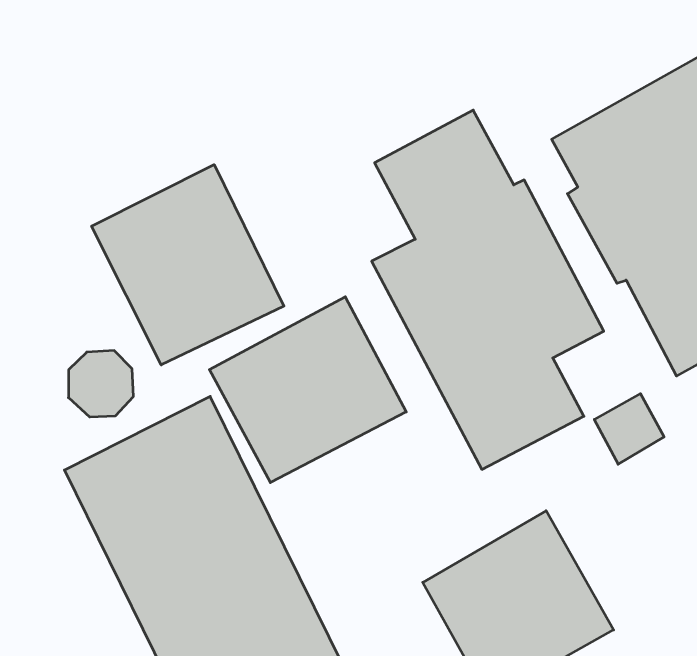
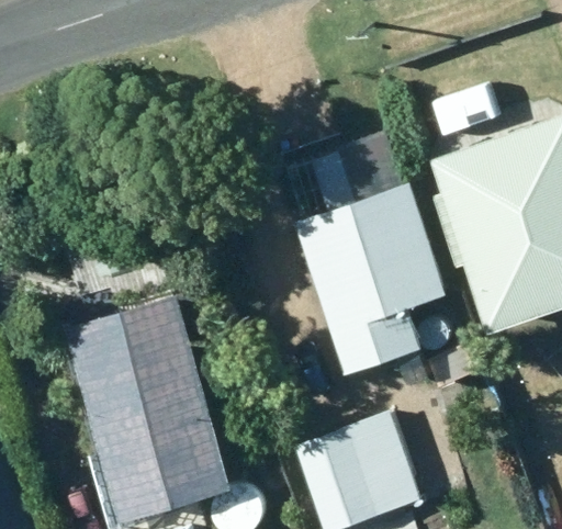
building: [92,165,284,365] -> none
building: [209,297,406,483] -> none

